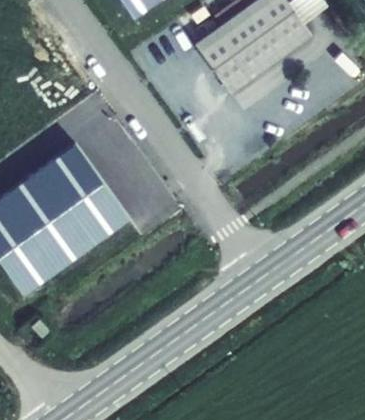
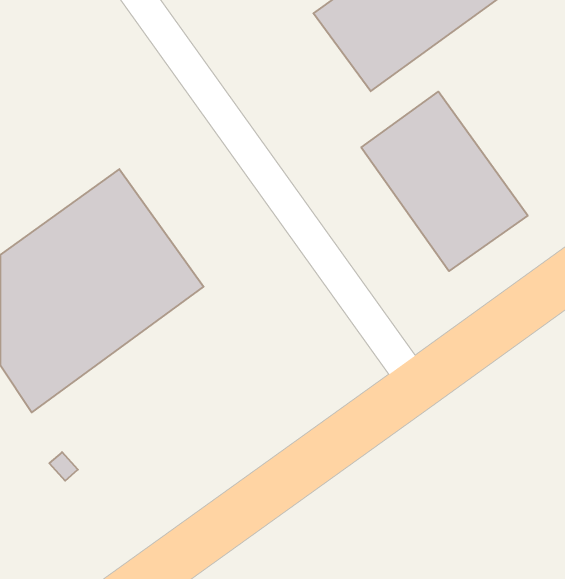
building: none -> [361,92,528,271]

